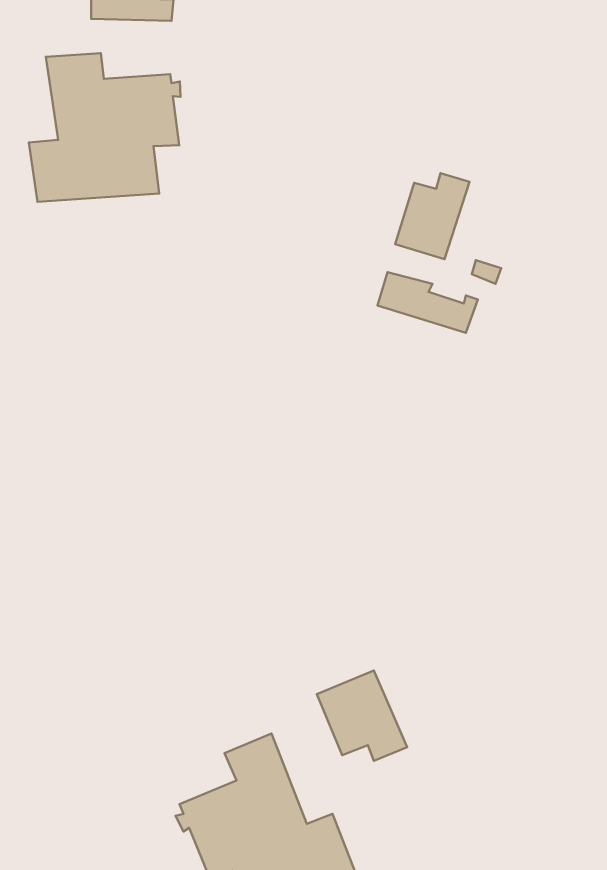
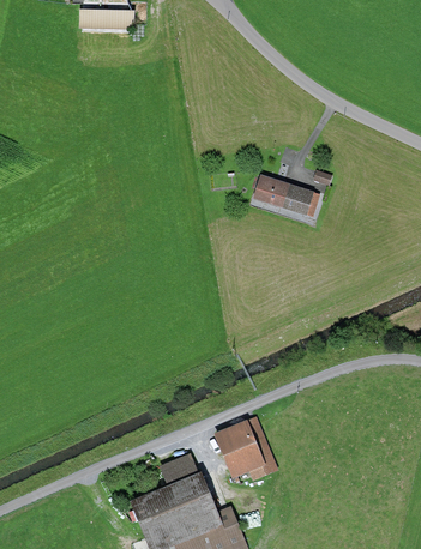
building: [29,53,180,202] -> none
building: [395,173,469,259] -> none

